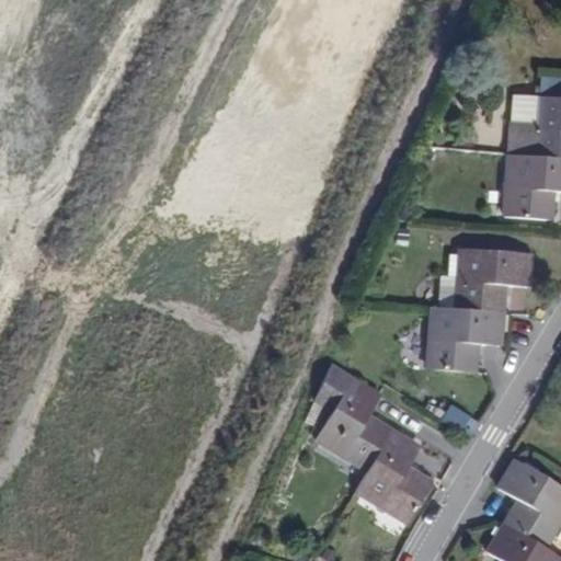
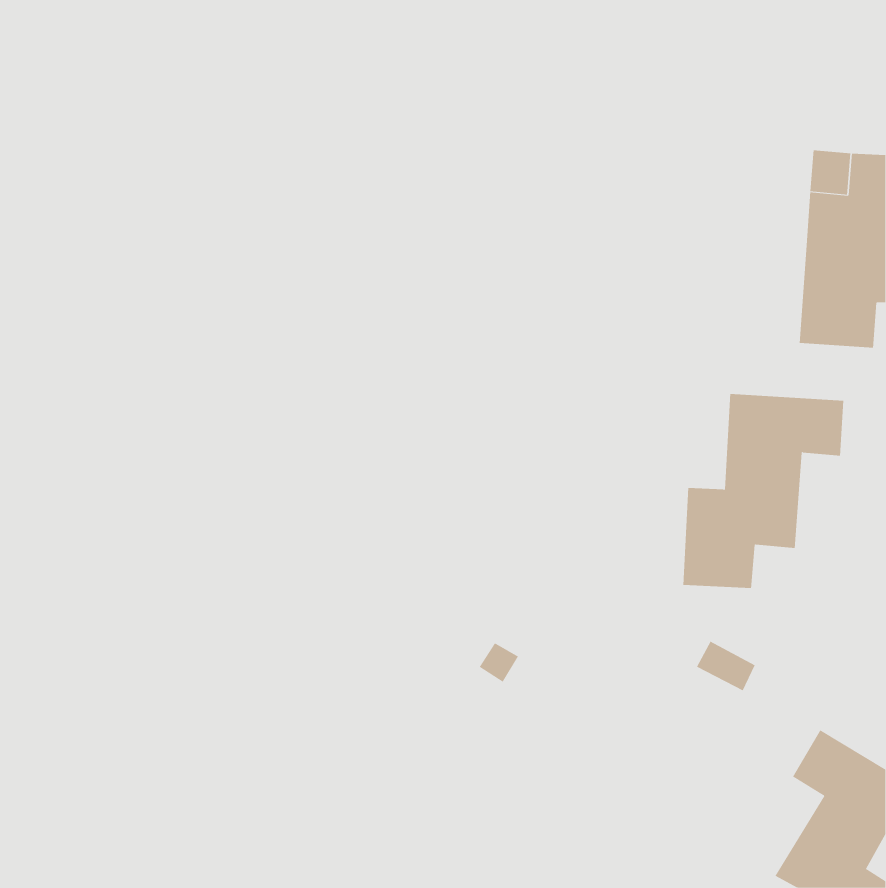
building: [316,367,433,520] -> none

